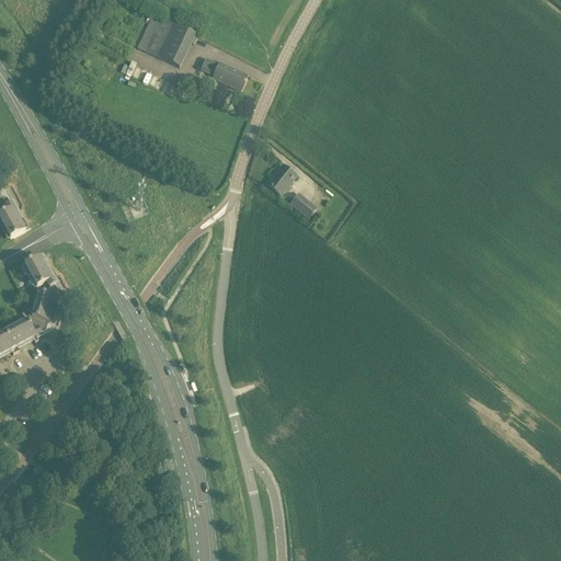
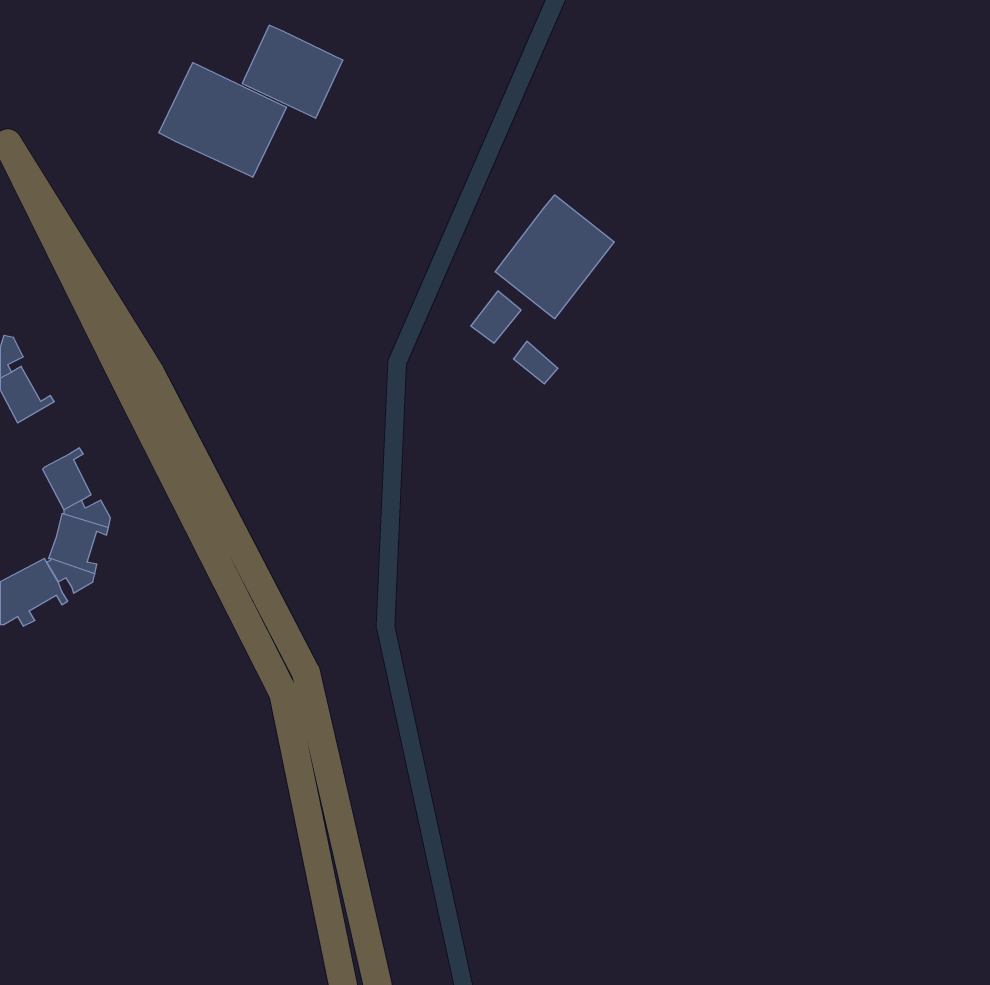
building: none -> [159,63,286,177]
building: [201,57,248,90] -> none
building: none -> [495,195,614,319]

